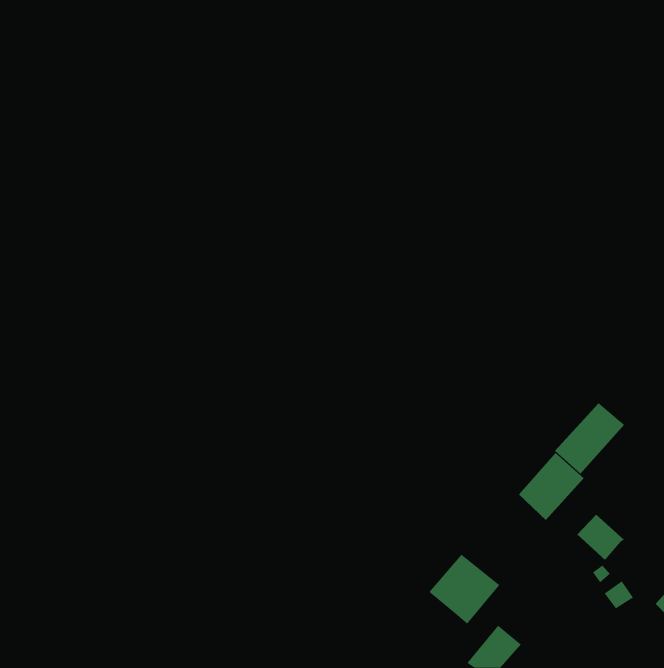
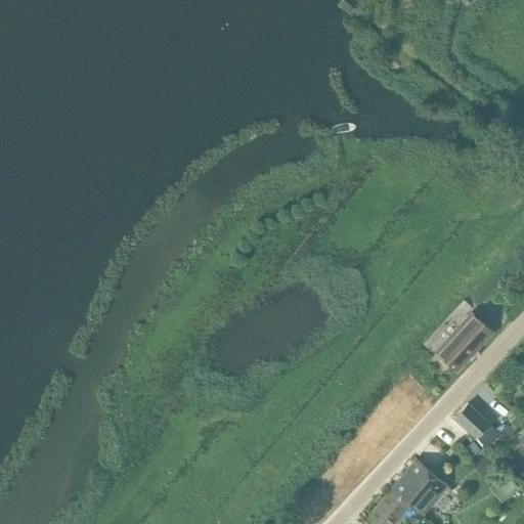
building: [518,452,584,521] -> none
building: [428,554,500,624] -> [393,460,449,515]

